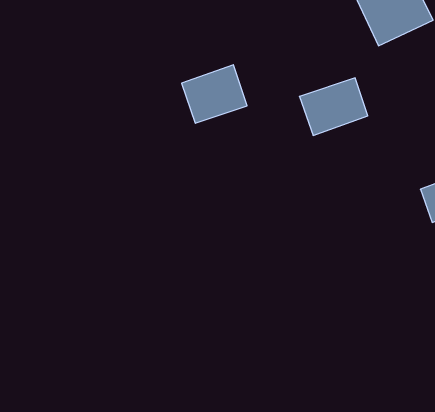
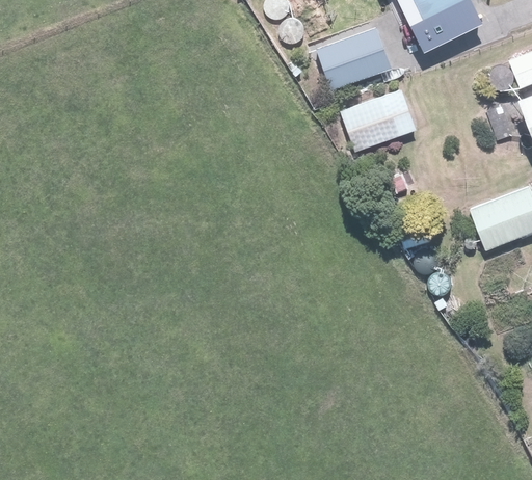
building: [182,65,247,123] -> [319,26,389,88]

